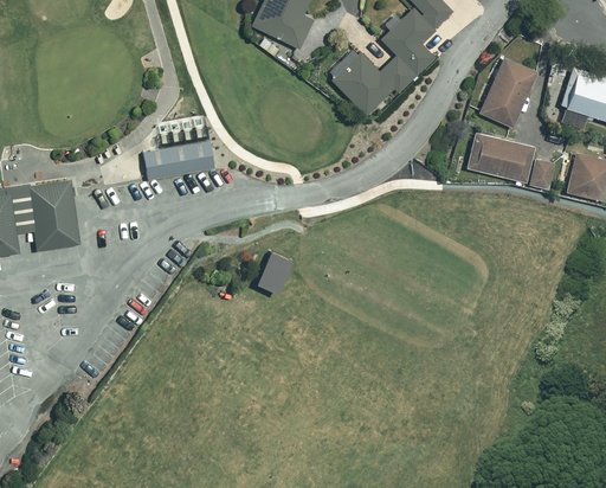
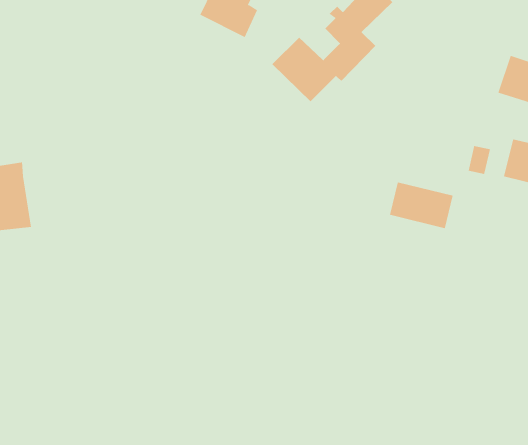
building: [481,58,537,127] -> none
building: [468,134,534,182] -> [389,182,454,229]
building: [143,139,214,179] -> none
building: [256,250,292,293] -> none

